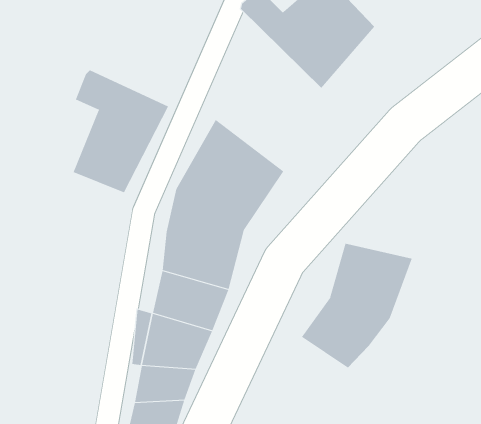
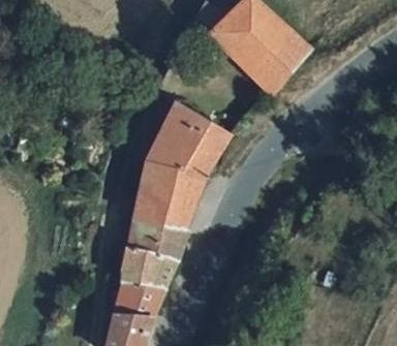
building: none -> [255,33,310,98]
building: [73,69,169,193] -> none
building: [301,243,413,369] -> none

